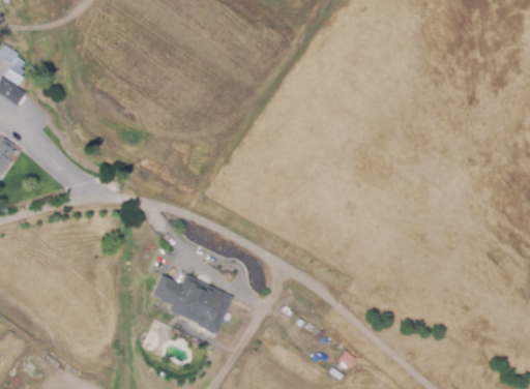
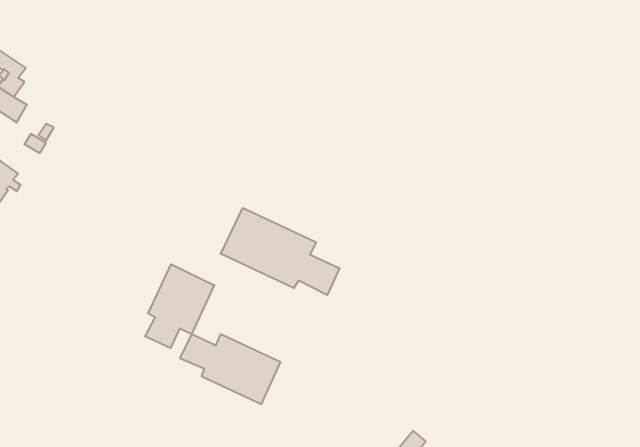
building: none -> [221,208,340,295]
building: none -> [145,264,214,348]

